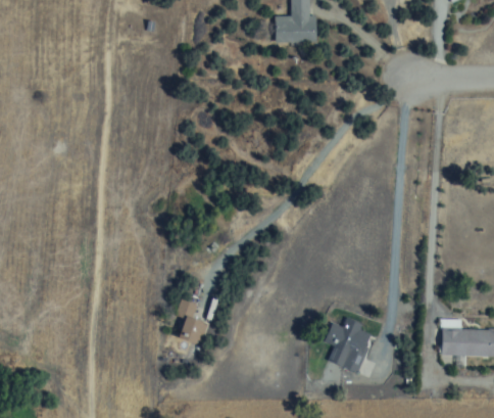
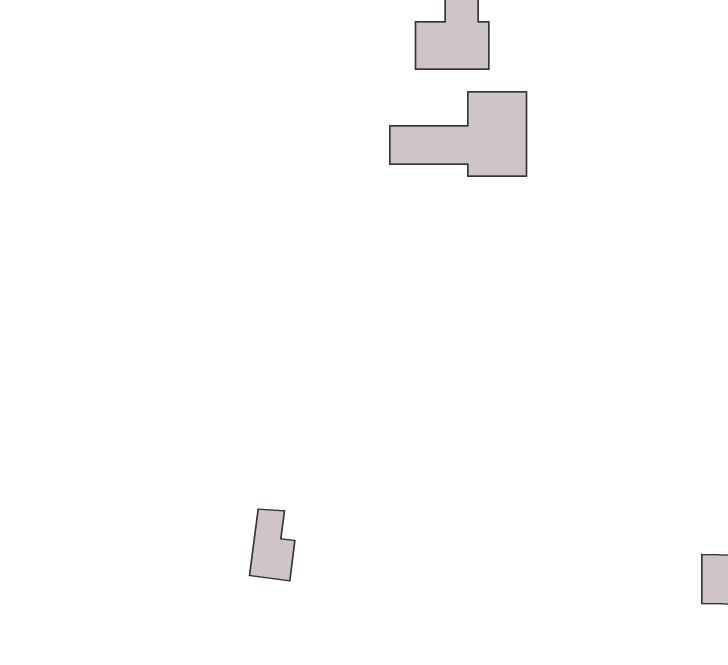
building: none -> [390,92,527,176]
building: [322,317,372,371] -> none

